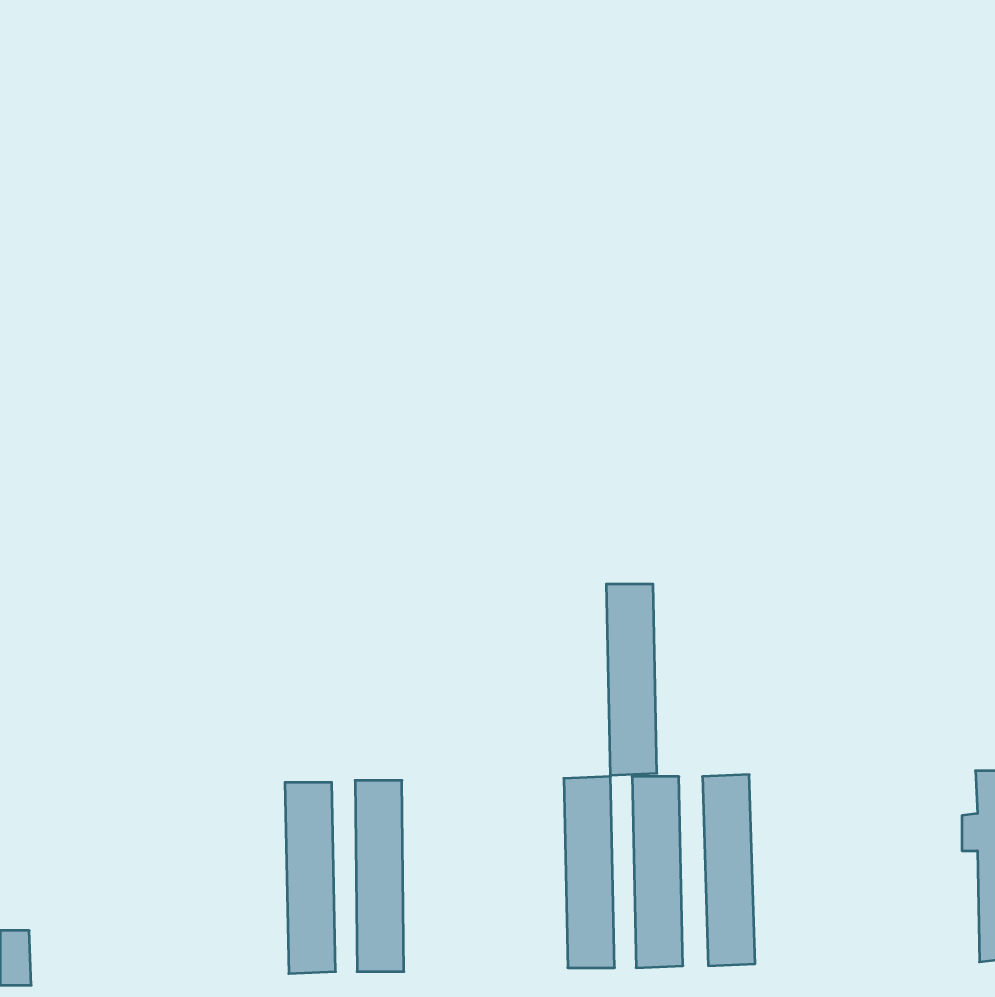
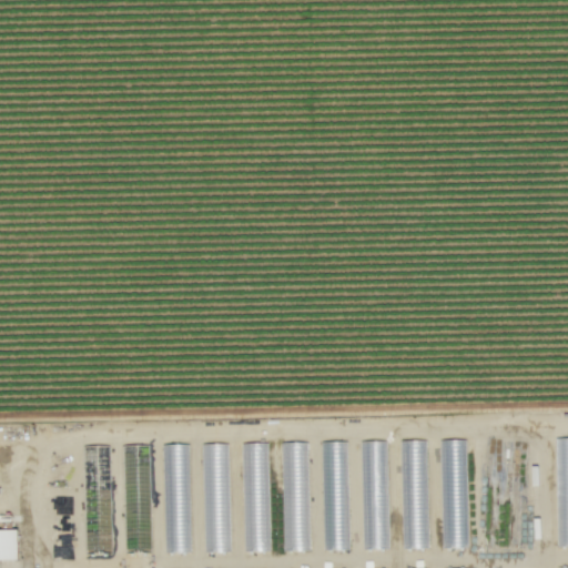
building: [606,584,657,775] -> [282,443,311,551]
building: none -> [440,439,468,548]
building: none -> [242,443,271,552]

